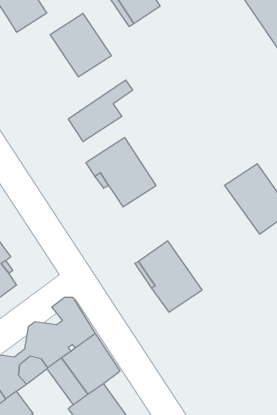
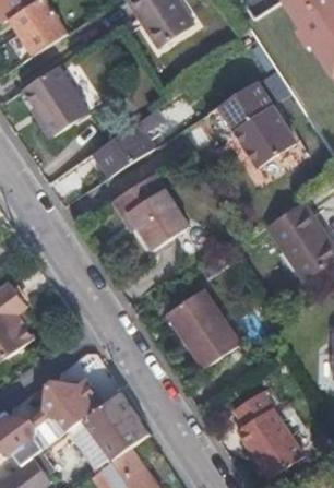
building: [50,13,111,77] -> [21,64,90,135]
building: none -> [206,81,295,167]
building: none -> [232,392,303,478]

